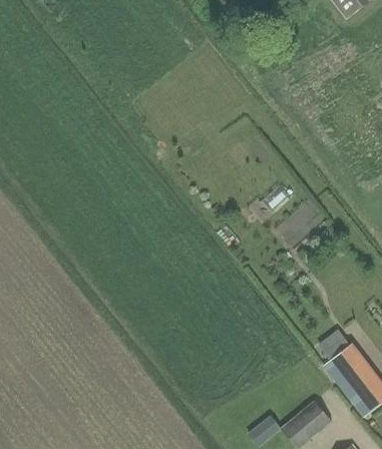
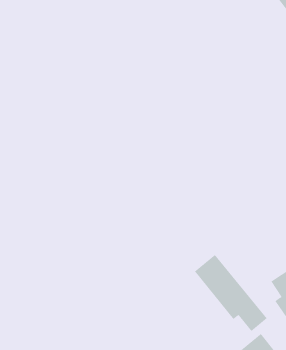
building: none -> [194,254,267,332]

